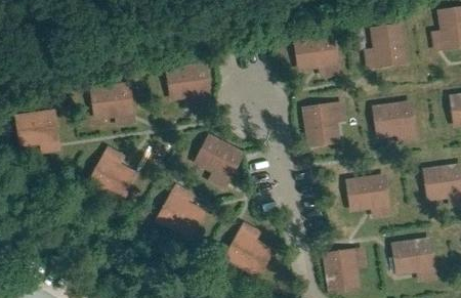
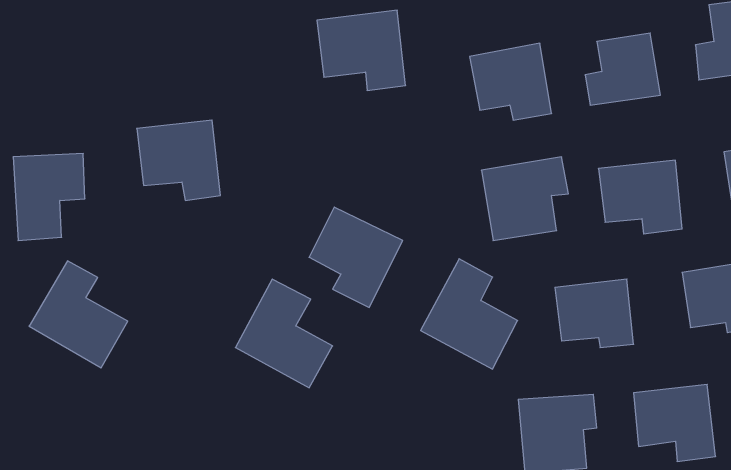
building: [164,57,218,107] -> [317,10,406,90]
building: [85,139,145,205] -> [29,261,128,368]
building: [221,214,281,282] -> [421,259,518,369]

